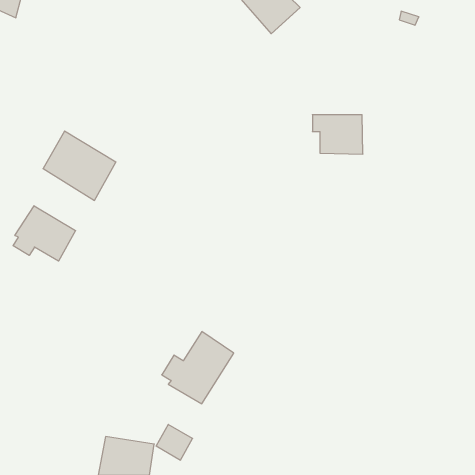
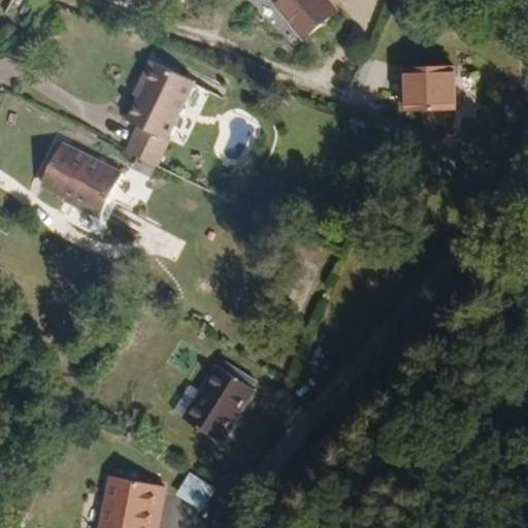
building: none -> [123,62,186,166]
building: [312,115,363,154] -> [396,67,452,110]
building: [13,206,76,261] -> none

